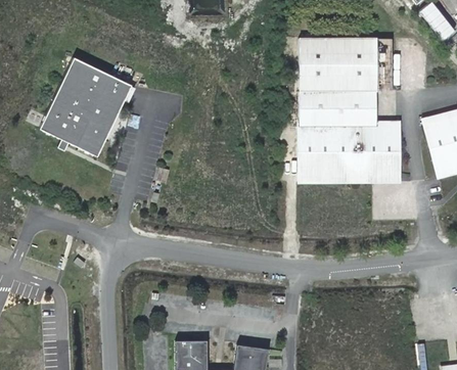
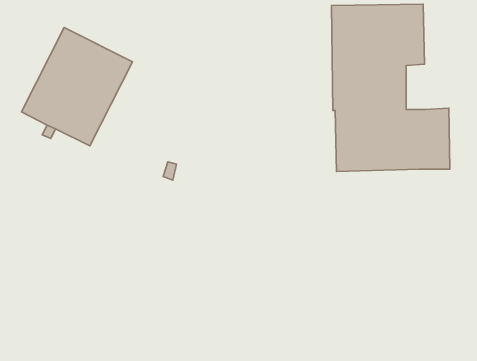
building: [361,89,376,127] -> none

